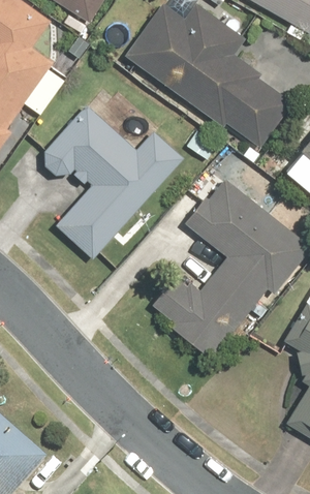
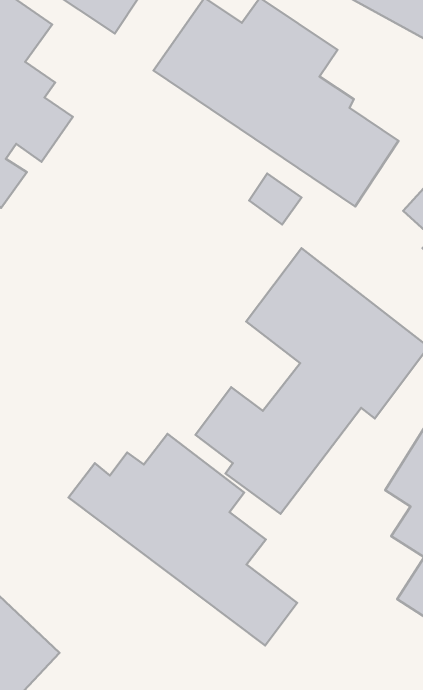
building: [35,103,185,257] -> none
building: none -> [68,434,297,646]

